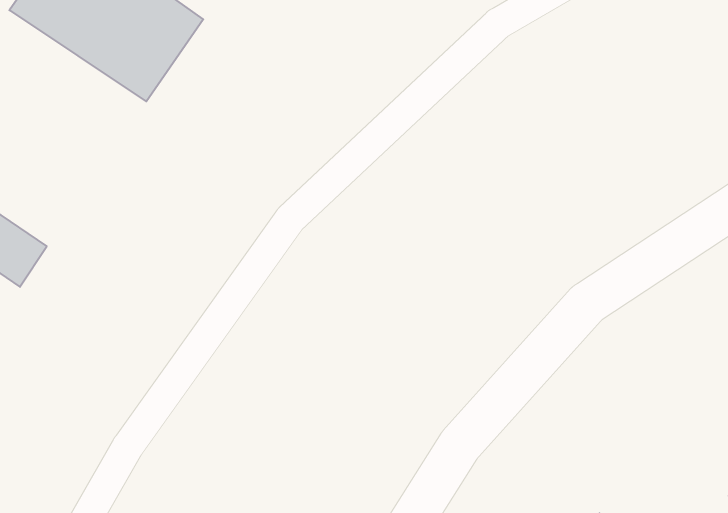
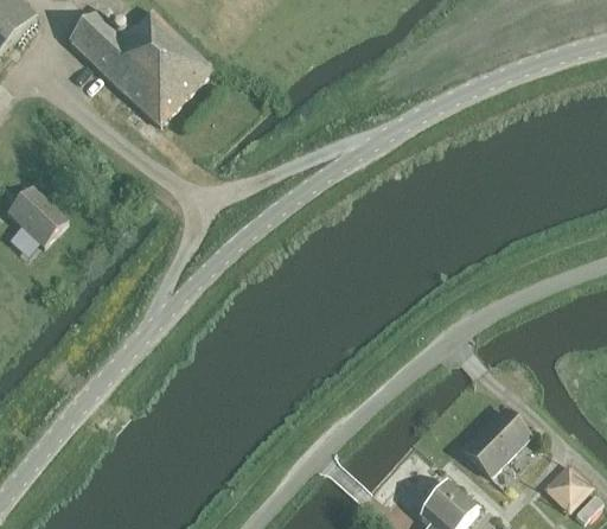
building: none -> [460,409,531,480]

